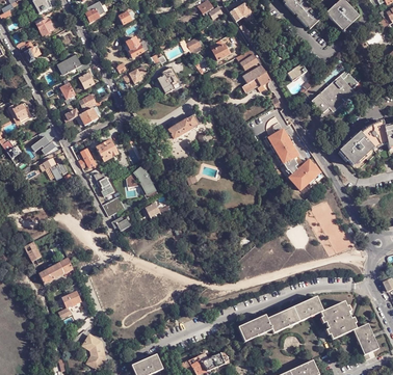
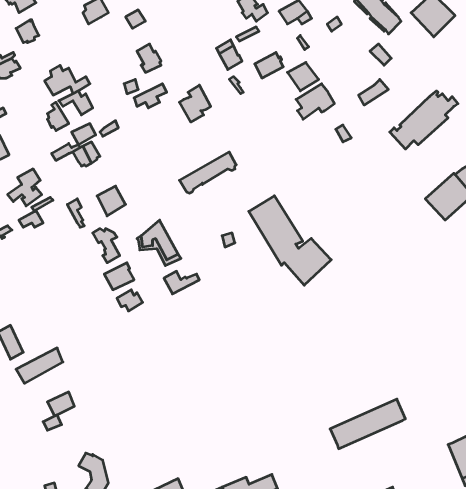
building: [264,128,324,193] -> [249,196,331,285]
building: [320,301,357,339] -> none
building: [238,315,272,342] -> none

